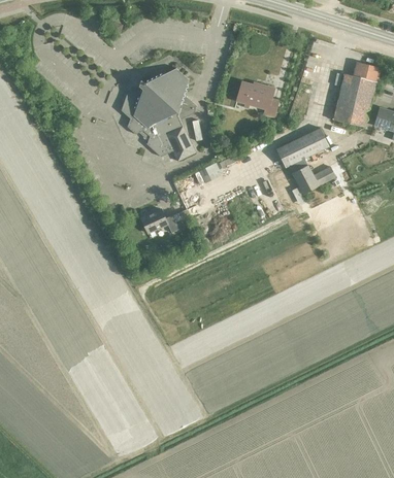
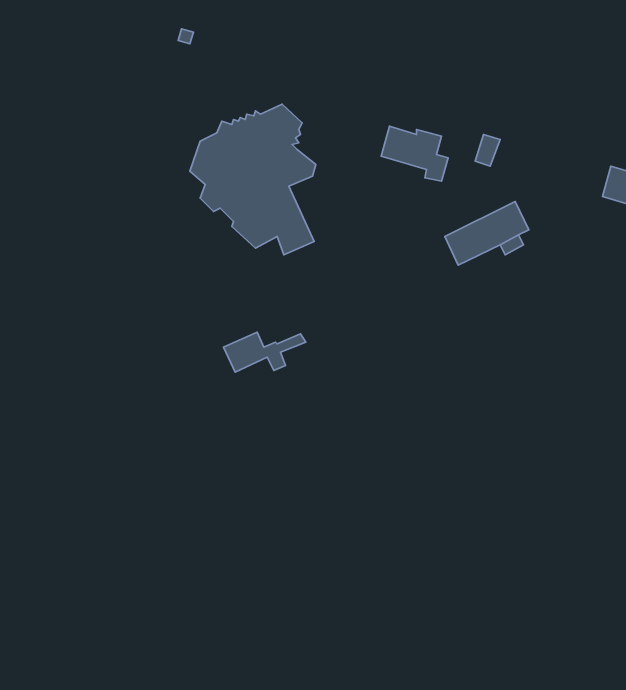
building: [333,62,381,126] -> none
building: [292,164,336,194] -> none

